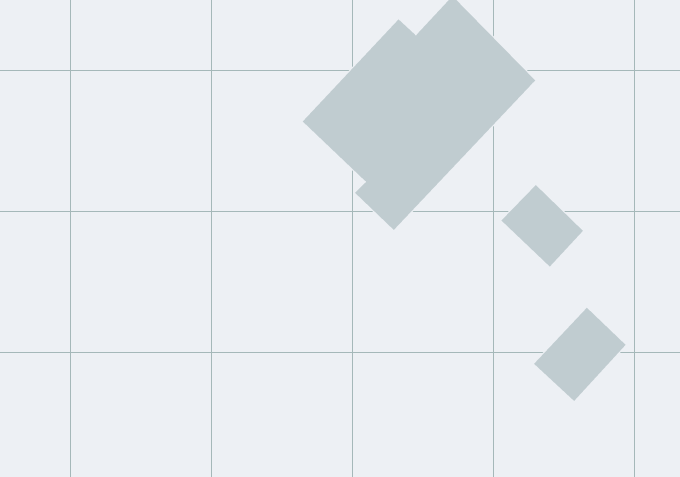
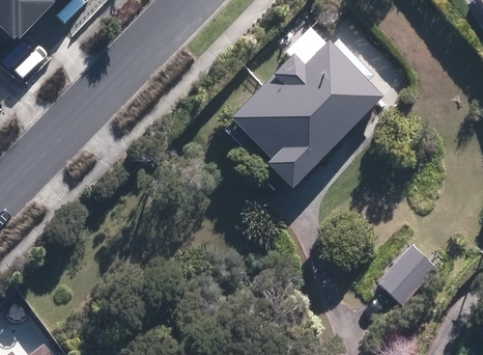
building: [501,184,584,267] -> none

